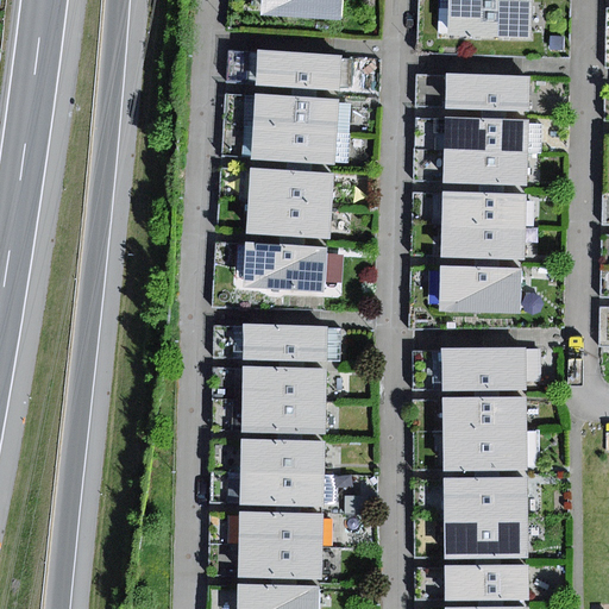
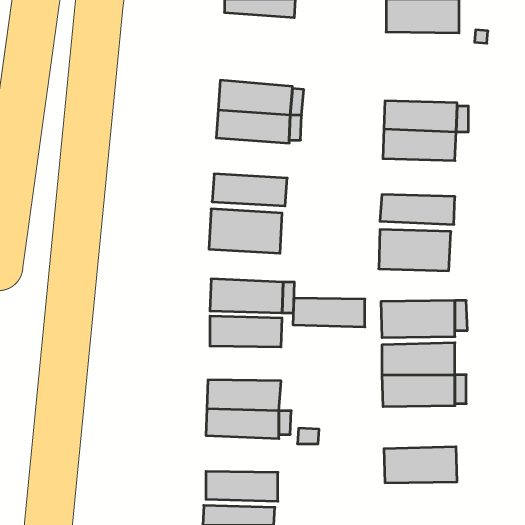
building: [255,49,340,90] -> none
building: [444,73,528,111] -> none
building: [247,168,333,206] -> none
building: [441,192,527,227] -> none
building: [241,400,325,433] -> [293,298,365,327]
building: [444,478,527,519] -> none
building: [238,511,322,546] -> none
building: [444,564,527,599] -> none

